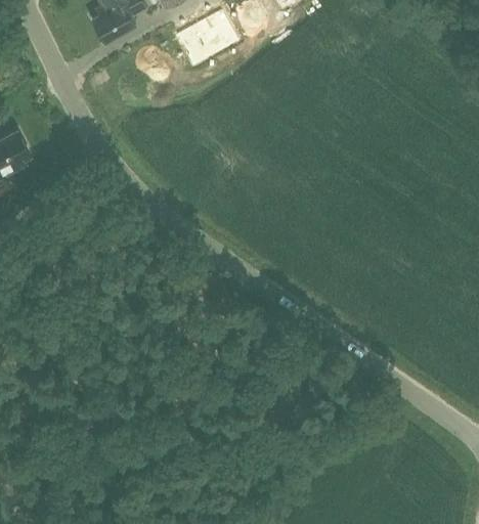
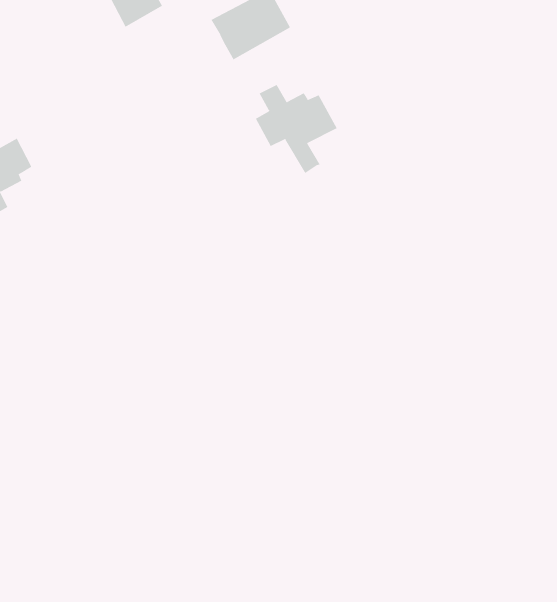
building: none -> [255,84,337,174]

